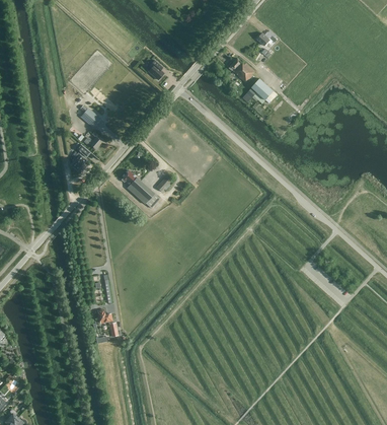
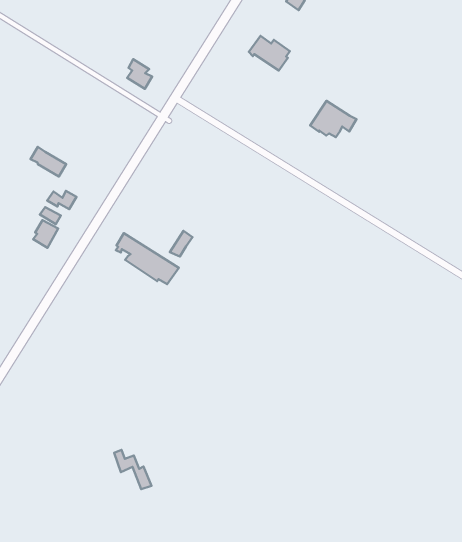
building: [246,78,277,102] -> [310,101,357,137]

